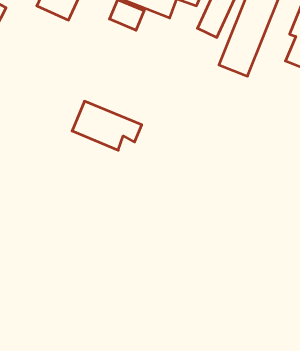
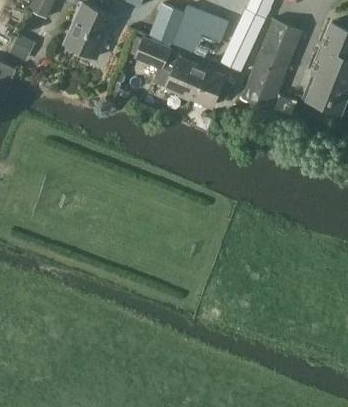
building: [72,101,142,150] -> [166,55,234,103]

